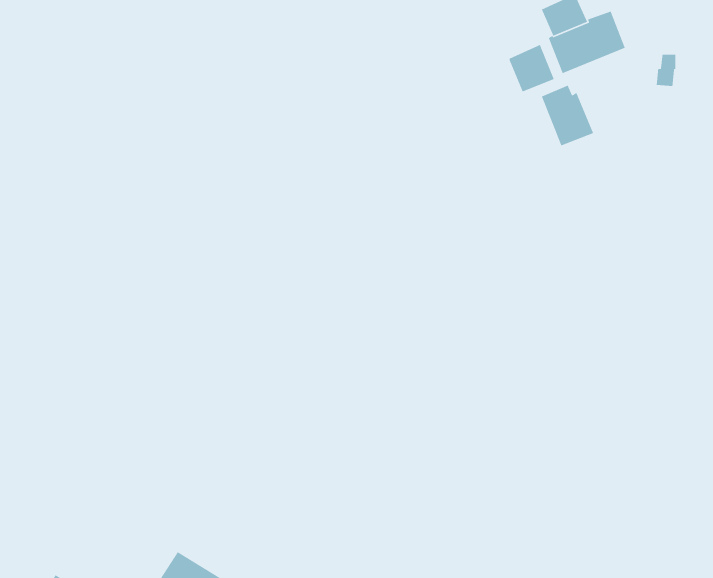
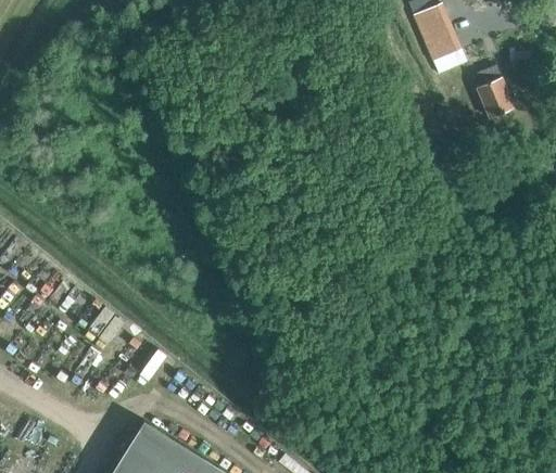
building: [509,44,555,93] -> none
building: [541,85,594,147] -> [472,72,513,118]

